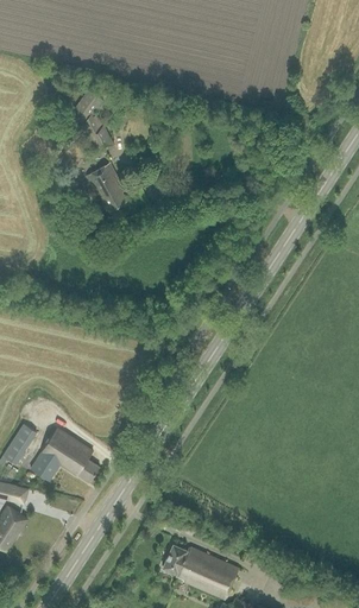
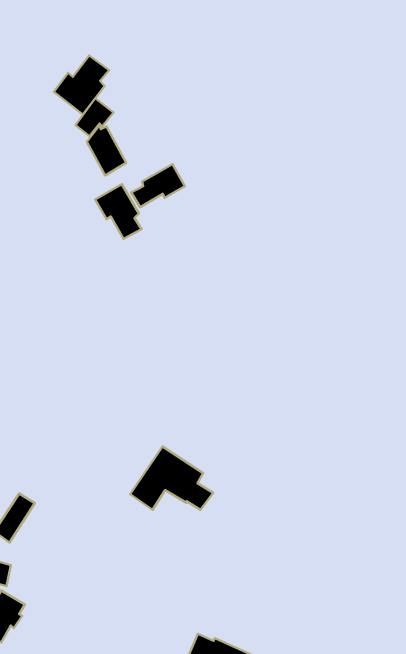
building: none -> [54,55,109,114]
building: none -> [131,164,185,207]
building: [30,428,100,481] -> [130,446,213,510]

